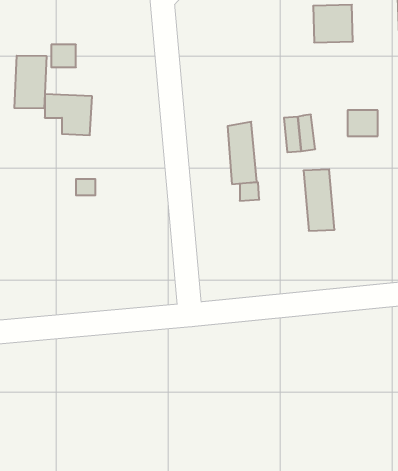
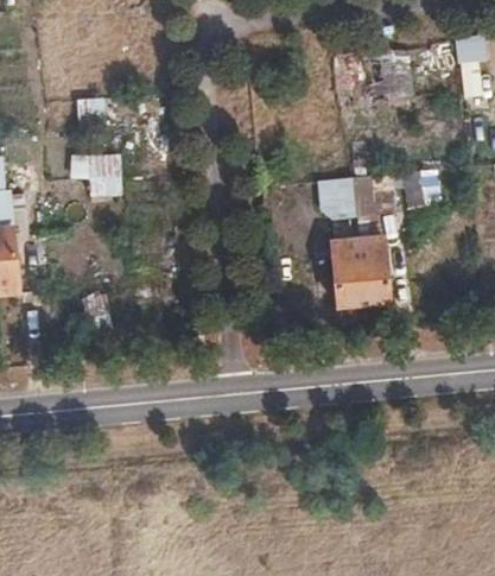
building: [14,56,46,108] -> none
building: [228,122,257,184] -> [331,238,363,306]

